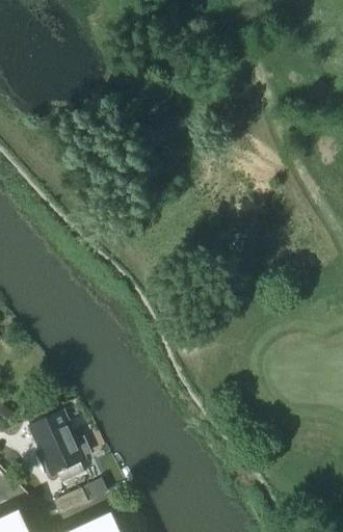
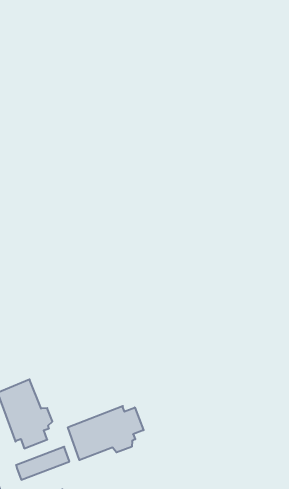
building: none -> [68,406,144,460]

